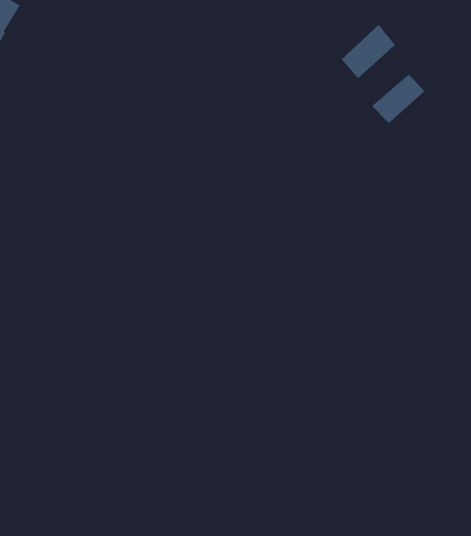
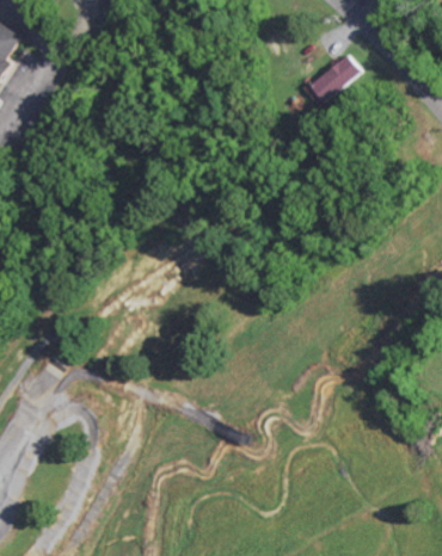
building: [371,74,425,124] -> none

